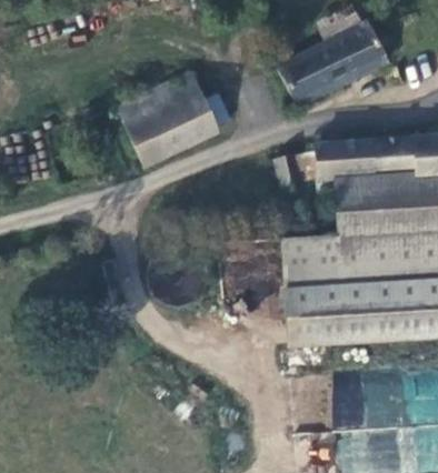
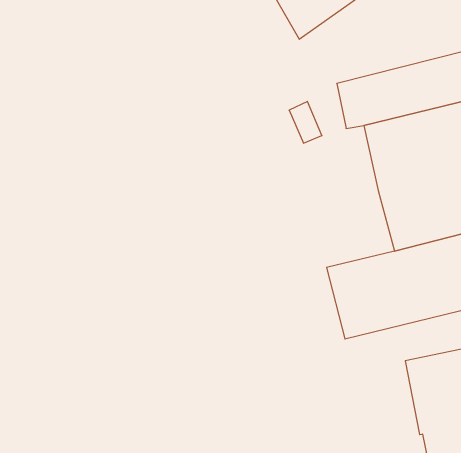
building: [121,73,230,164] -> none
building: [282,235,341,289] -> none

